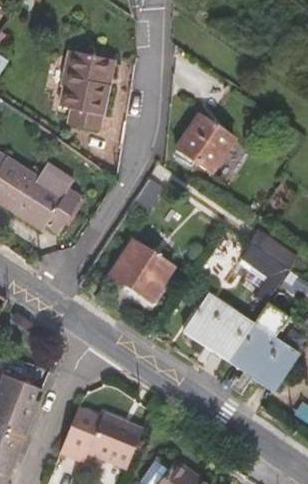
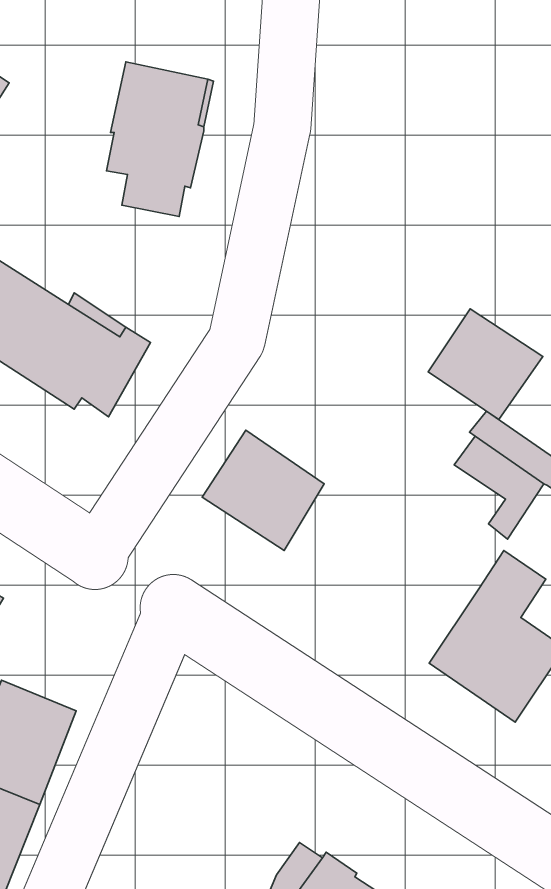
building: [175,115,235,173] -> [428,309,543,420]
building: [183,293,254,362] -> none
building: [58,406,143,469] -> none

